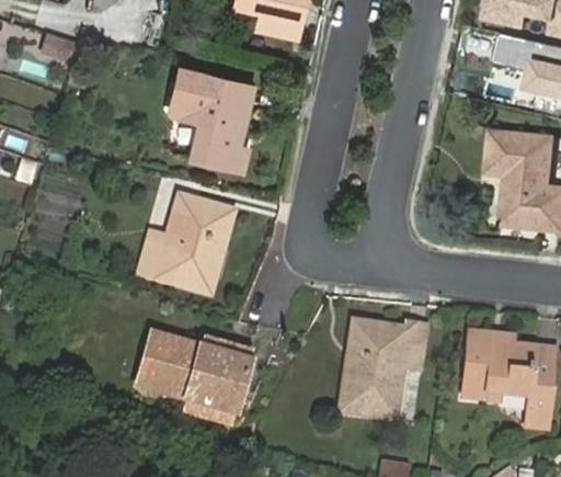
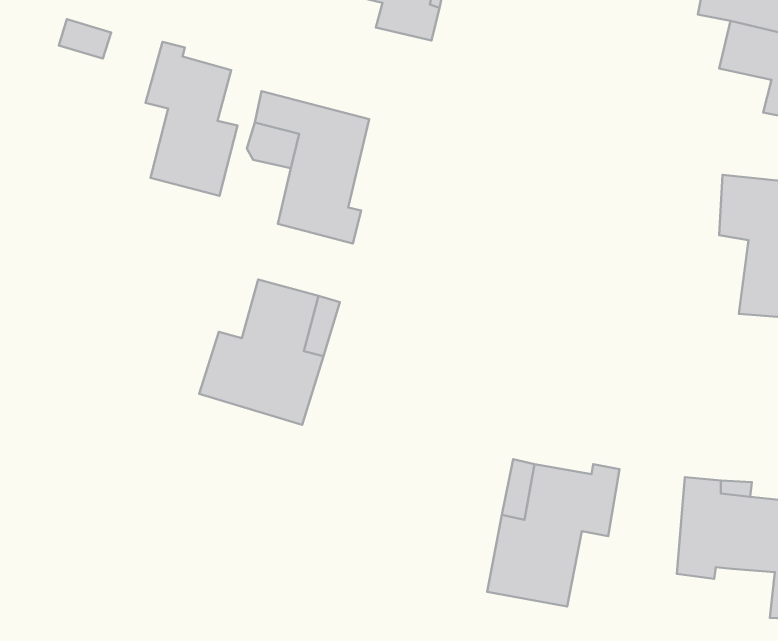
building: none -> [146,42,237,196]
building: [137,333,251,424] -> none

